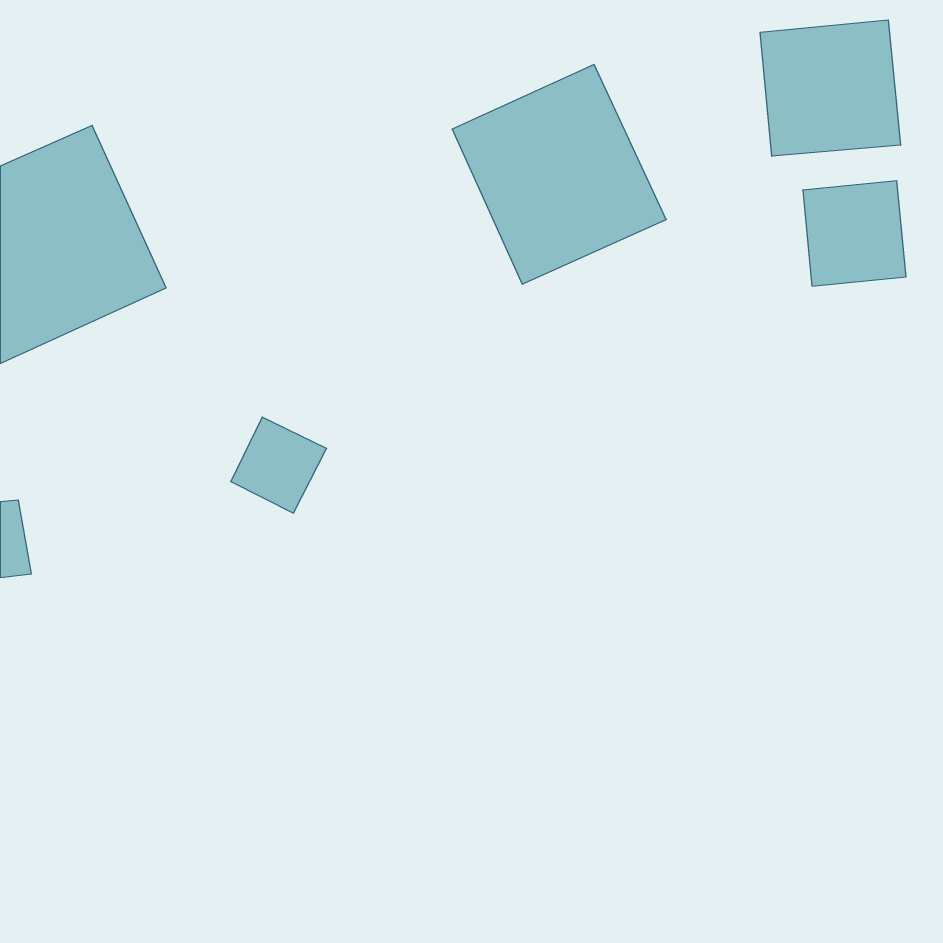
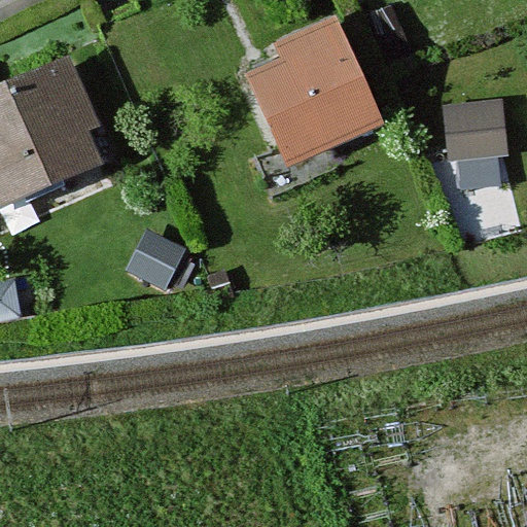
building: [760,20,901,156] -> none

